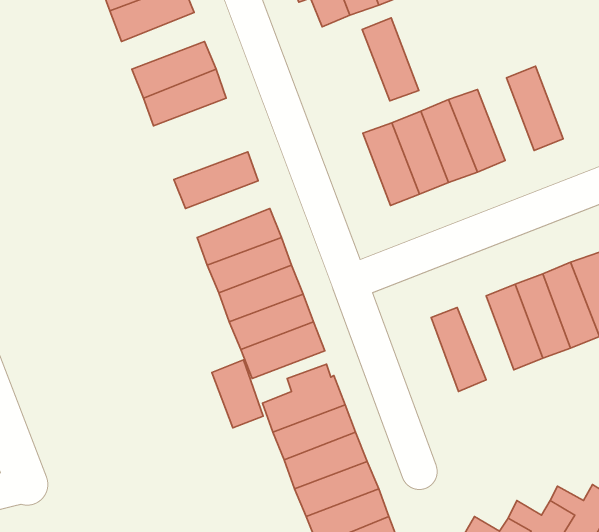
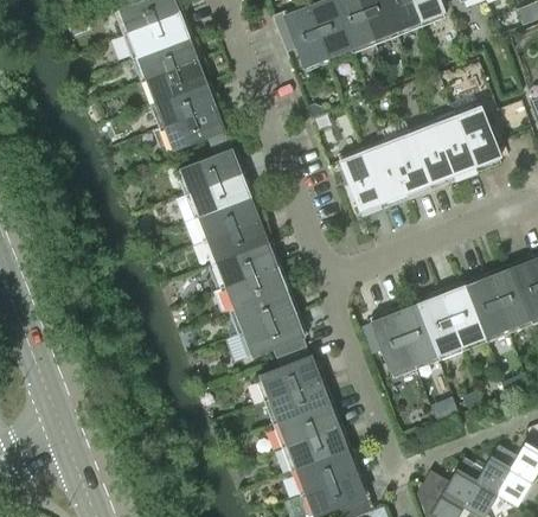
building: none -> [141,60,209,107]
building: [362,18,419,101] -> [431,114,478,181]
building: none -> [175,151,244,197]
building: none -> [193,198,262,244]
building: none -> [415,292,461,360]
building: none -> [369,309,416,379]
building: [212,360,263,428] -> none

